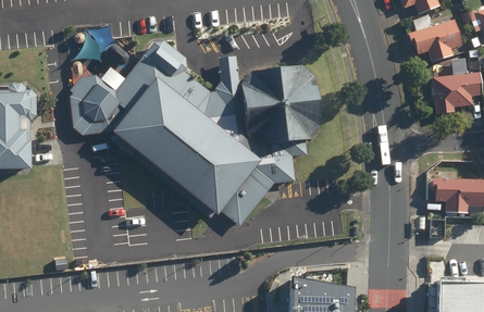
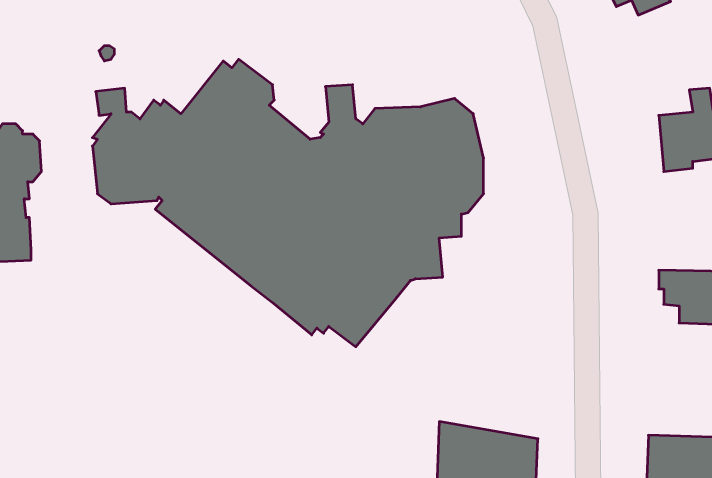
building: [409,16,462,62] -> none

